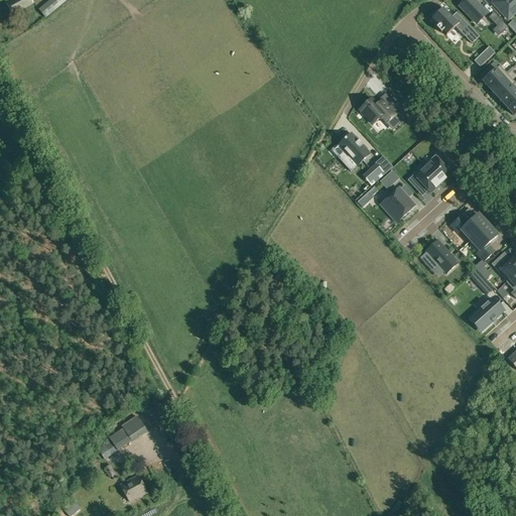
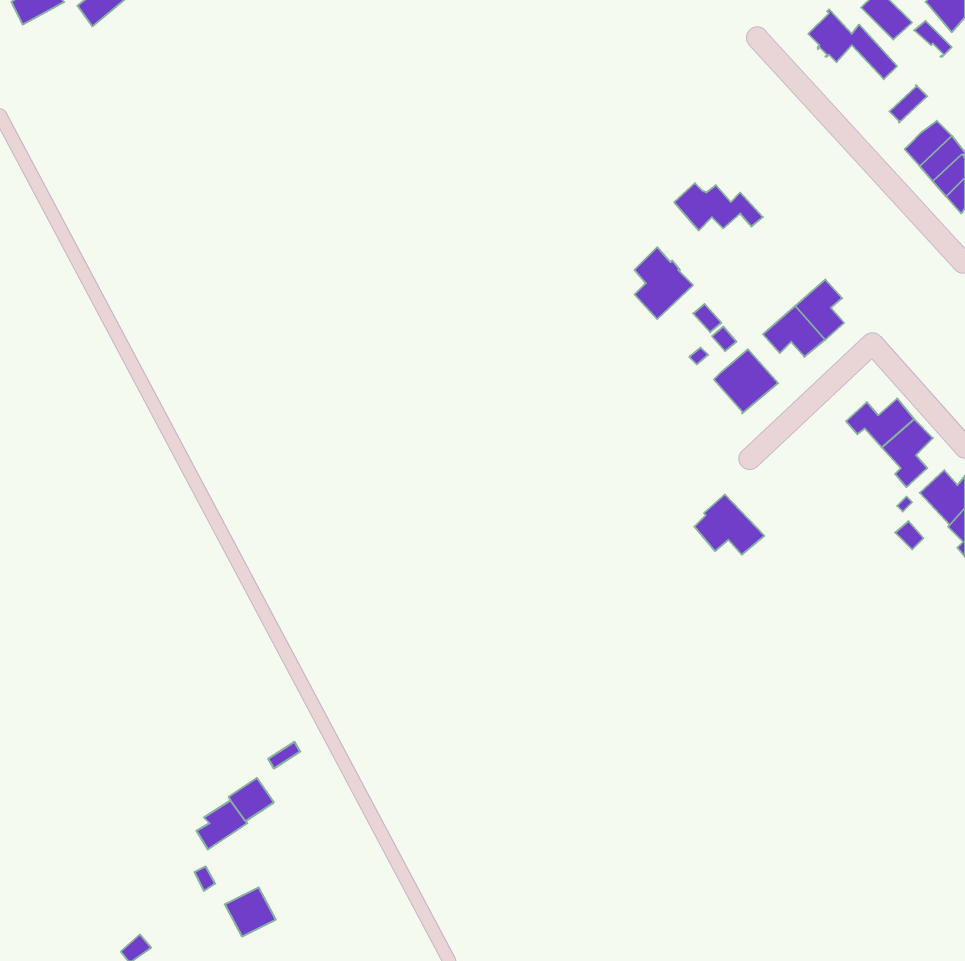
building: [420,240,458,272] -> [694,494,764,555]
building: [470,300,500,330] -> none

